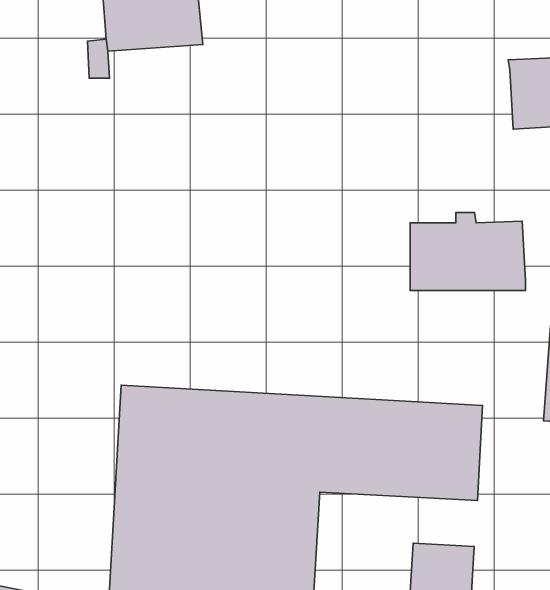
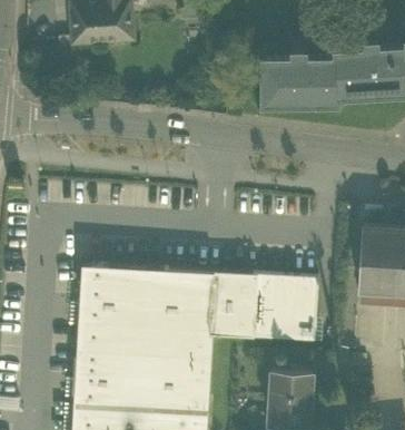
building: [410,213,525,291] -> [263,56,338,107]

